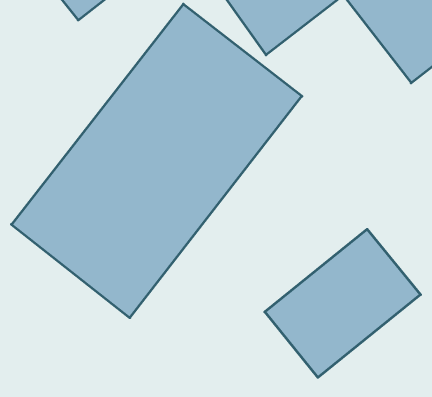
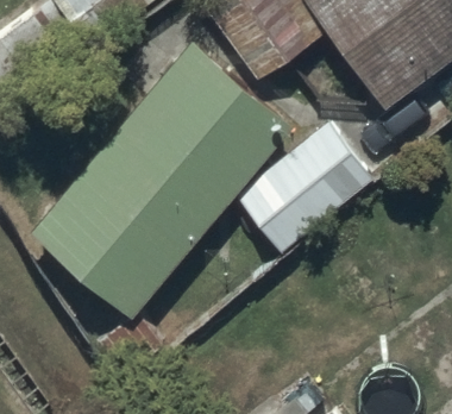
building: [265,229,421,377] -> [238,126,377,258]

